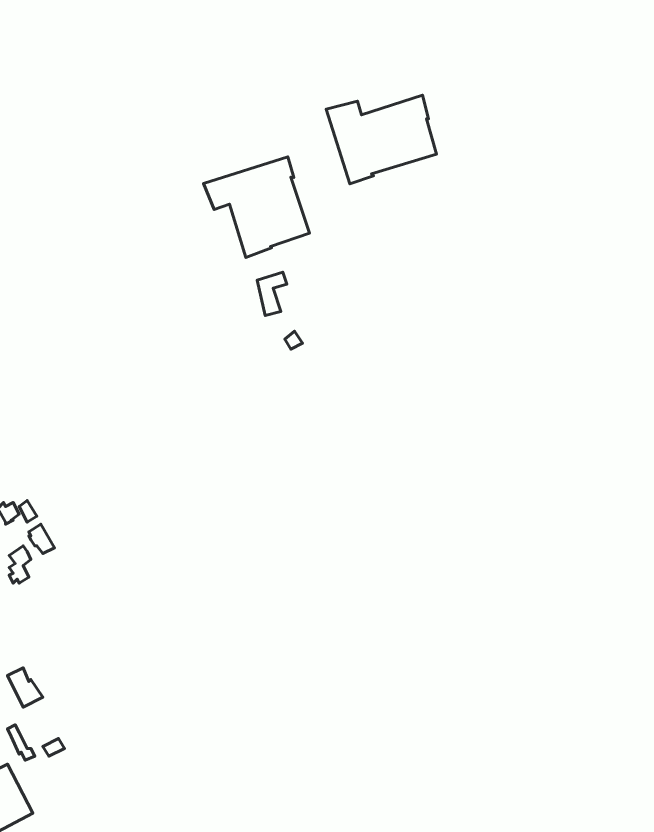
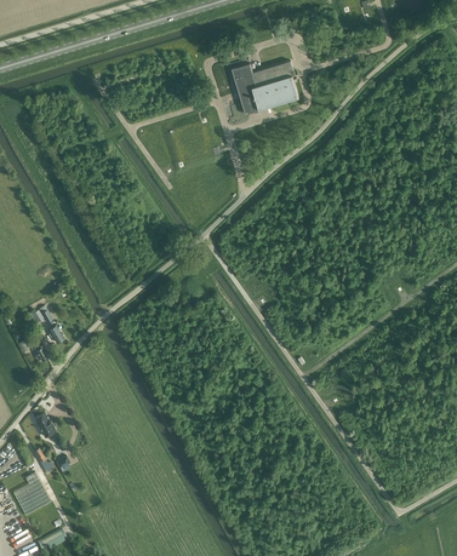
building: [204,157,309,257] -> none

